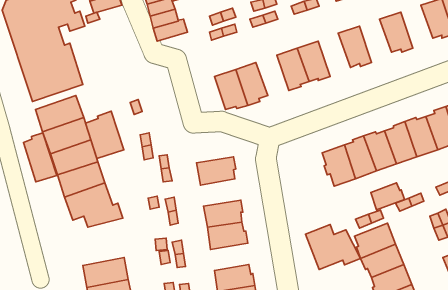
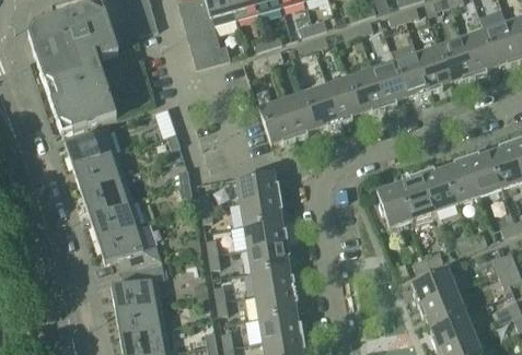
building: none -> [462,28,497,75]
building: none -> [417,44,452,91]
building: none -> [372,59,407,106]
building: none -> [304,83,340,127]
building: [85,111,124,158] -> none
building: [24,133,57,182] -> none
building: none -> [236,169,280,200]
building: none -> [244,217,288,247]
building: [371,183,405,210] -> none
building: none -> [111,260,163,311]
building: [305,225,360,269] -> none
building: none -> [255,287,298,317]

